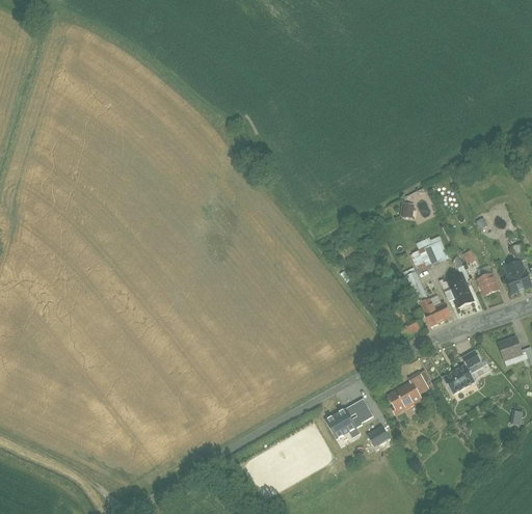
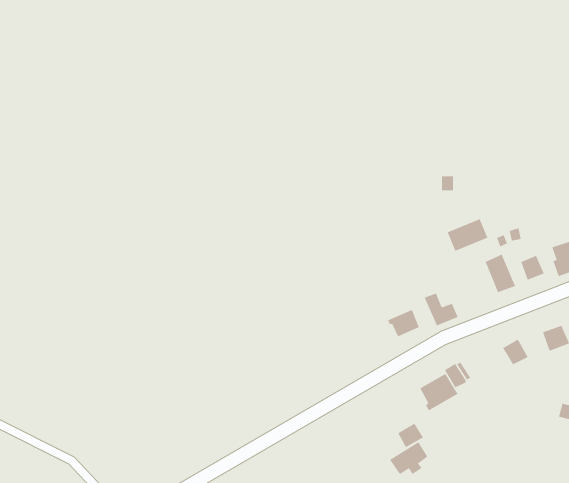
building: [419,298,450,326] -> none
building: none -> [387,309,419,337]
building: [442,363,474,395] -> none
building: [337,398,372,428] -> [389,442,428,475]

